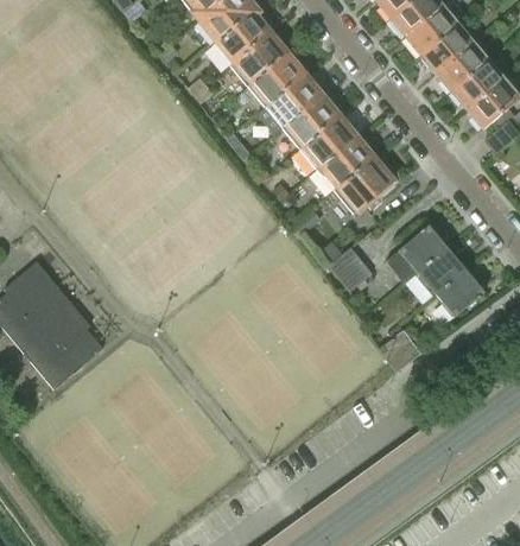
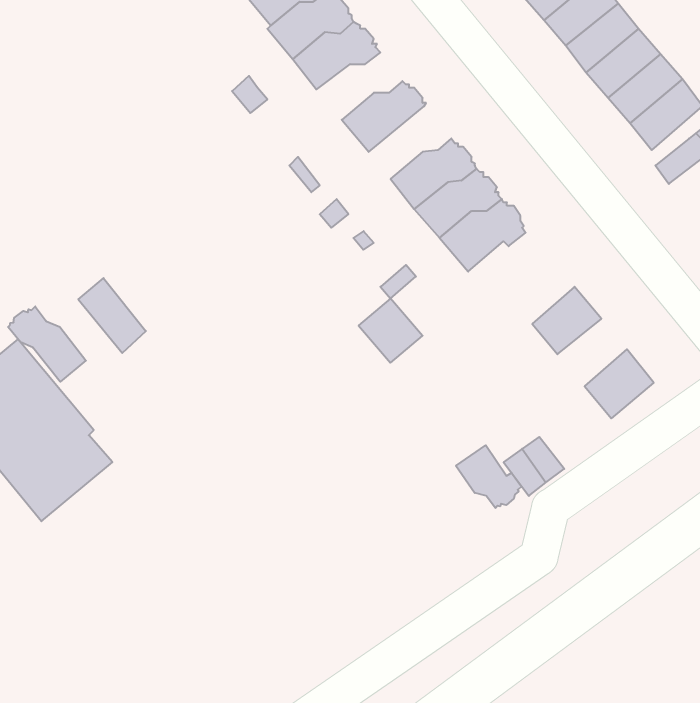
building: [247,59,307,107] -> none
building: [284,97,342,148] -> none
building: none -> [78,278,146,353]
building: none -> [8,306,86,382]
building: [328,247,373,292] -> [359,299,423,363]
building: [417,247,465,294] -> none
building: none -> [456,445,521,508]

